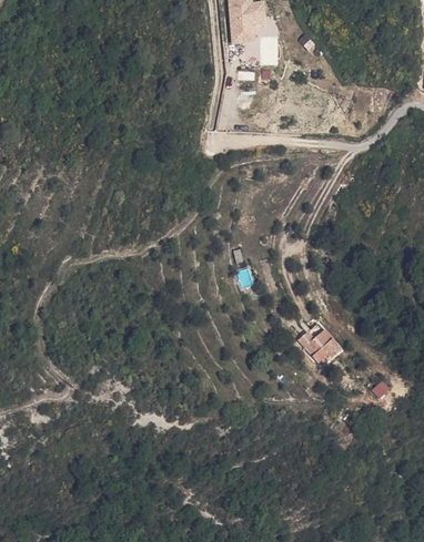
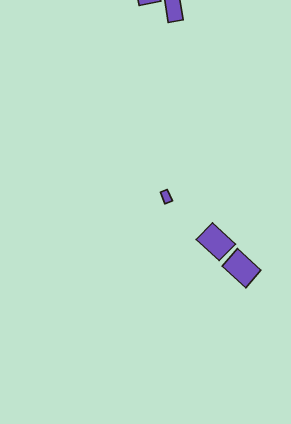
building: none -> [196,223,236,261]

